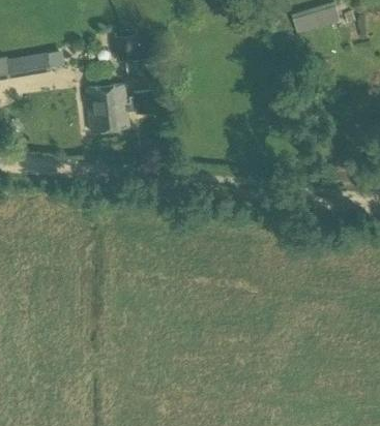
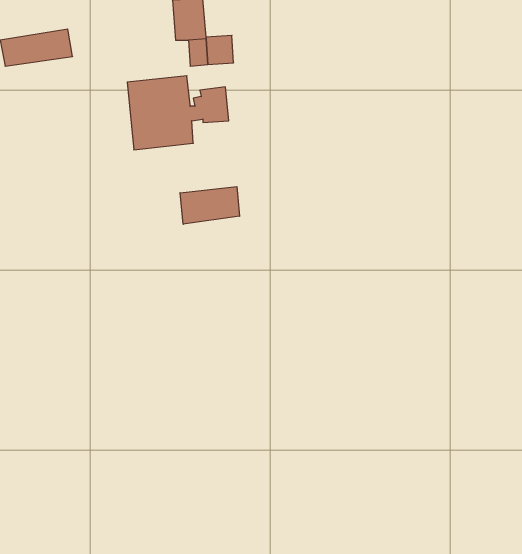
building: none -> [180,187,240,224]

